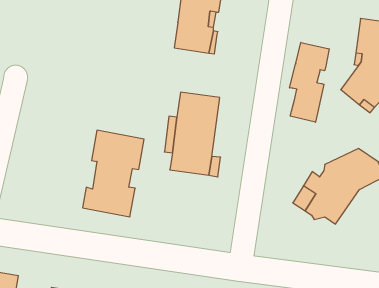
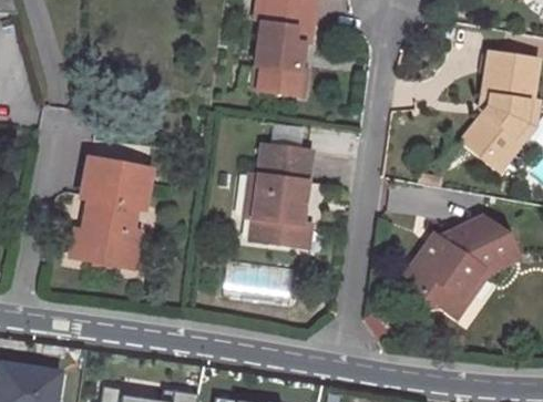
building: [290,42,329,122] -> none
building: [83,130,144,217] -> [73,163,150,270]

